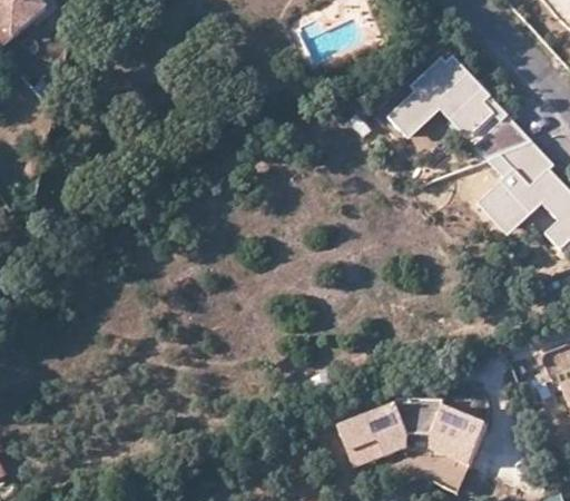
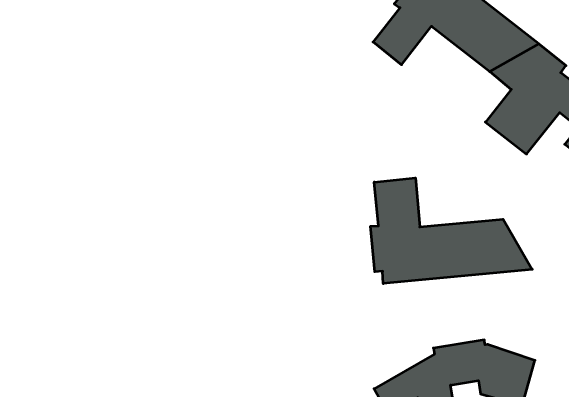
building: none -> [371,178,532,284]

